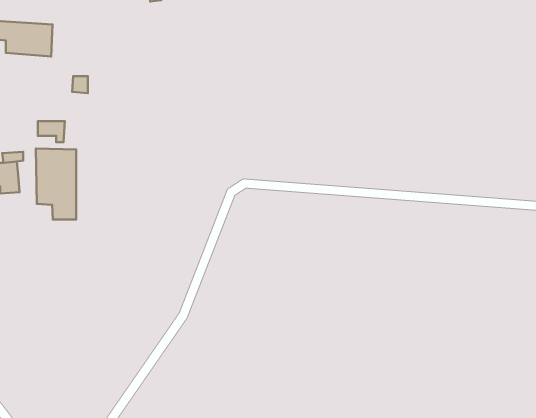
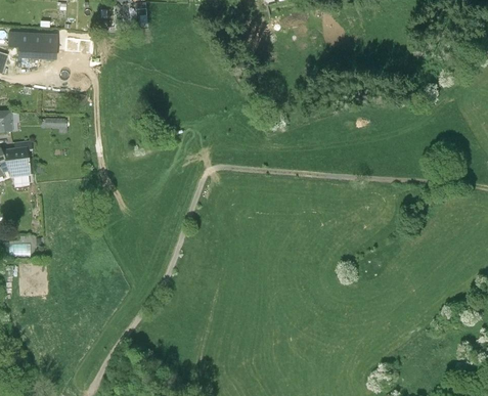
building: [36,149,76,220] -> none

